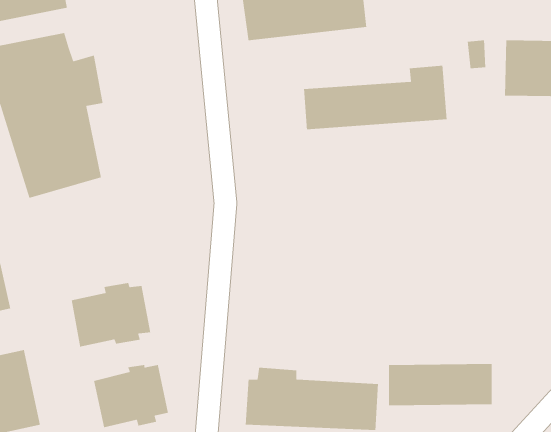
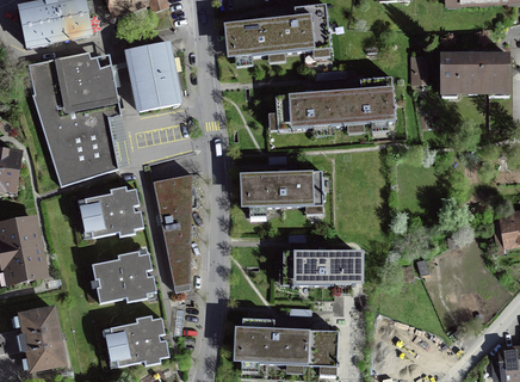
building: none -> [126,41,179,109]
building: none -> [153,174,193,284]
building: none -> [240,174,322,209]
building: none -> [86,185,144,236]
building: [388,363,492,406] -> [285,249,369,284]

